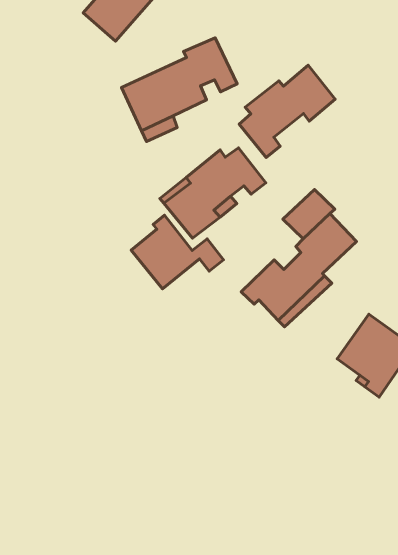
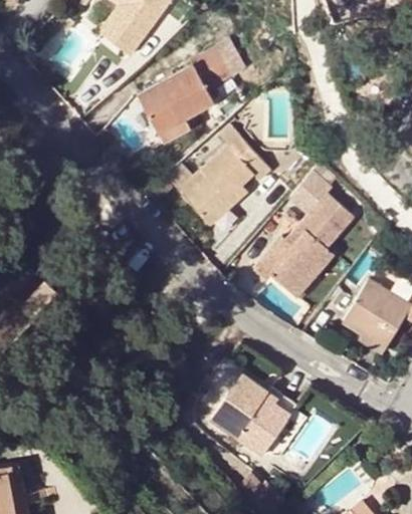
building: [239,65,335,157] -> none
building: [131,215,223,289] -> none
building: none -> [211,375,297,457]

